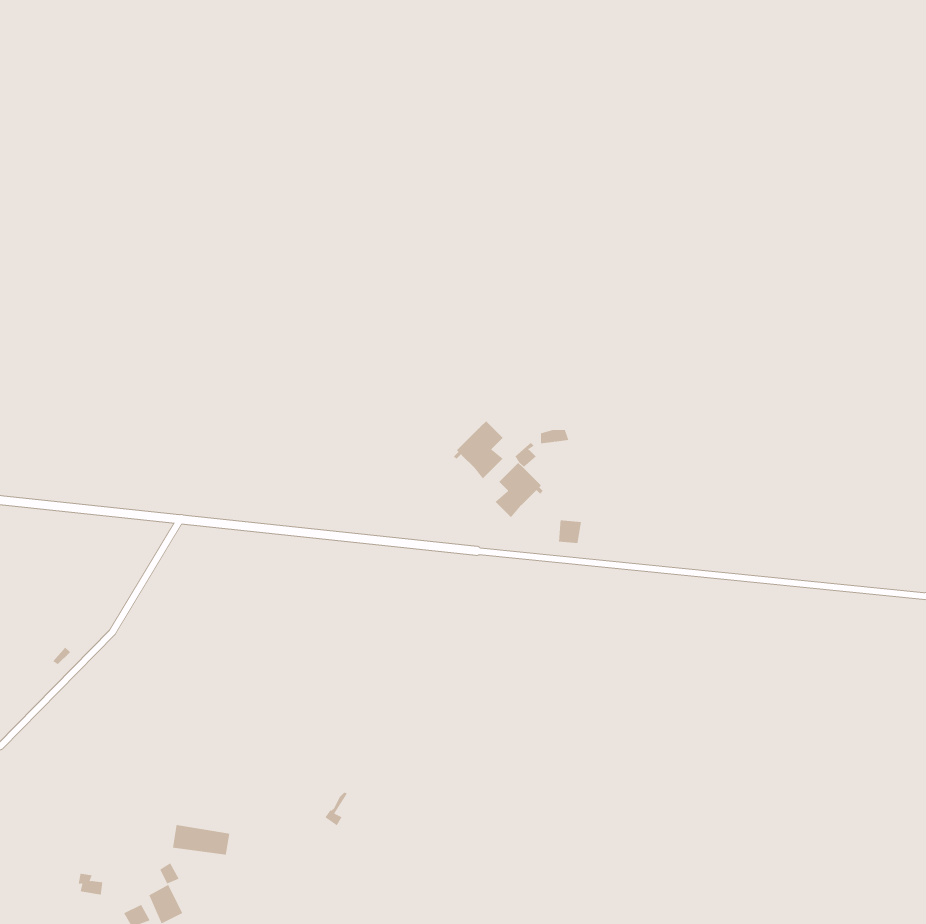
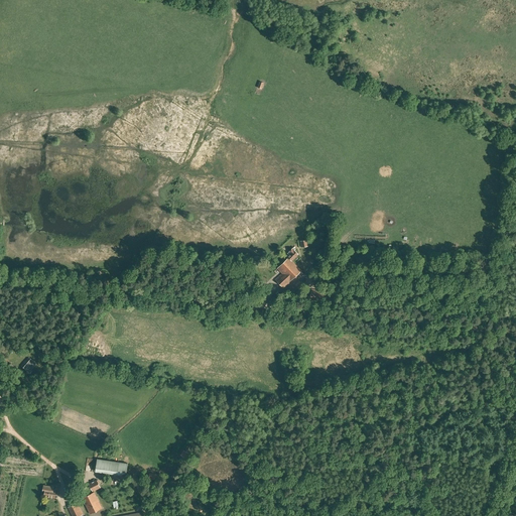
building: [453,420,504,479] -> none

